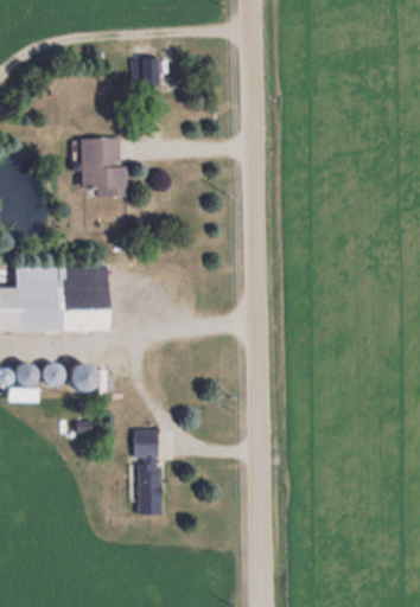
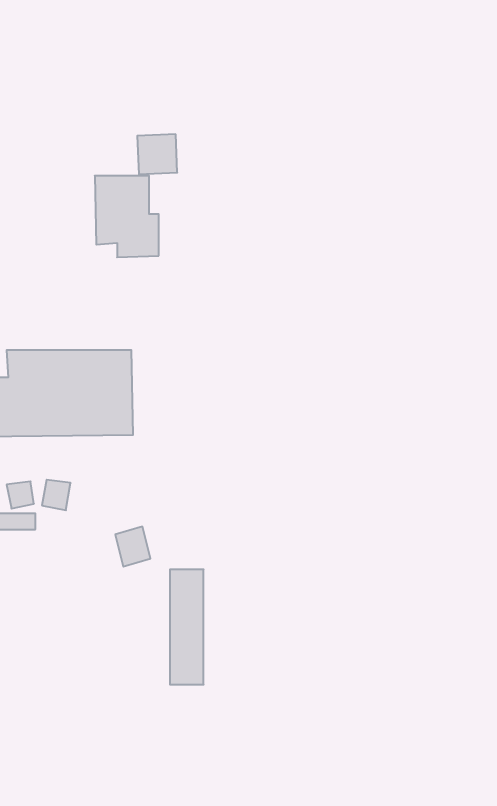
building: [129,58,159,88] -> [137,134,177,174]
building: [69,362,95,391] -> [115,527,150,567]

